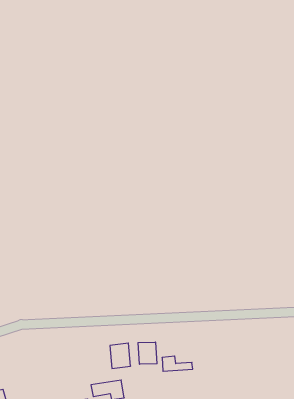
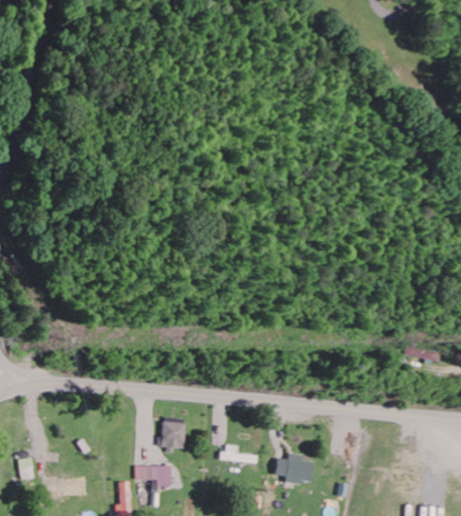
building: [138,342,157,364] -> none
building: none -> [272,453,312,484]

